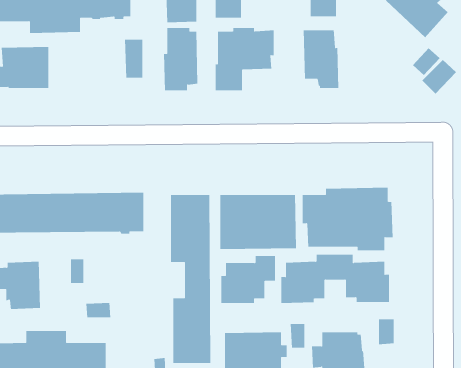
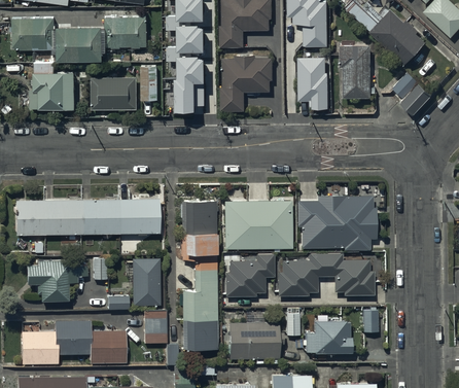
building: none -> [340,44,372,97]
building: none -> [92,76,138,109]
building: none -> [132,258,161,306]
building: none -> [144,311,167,343]

